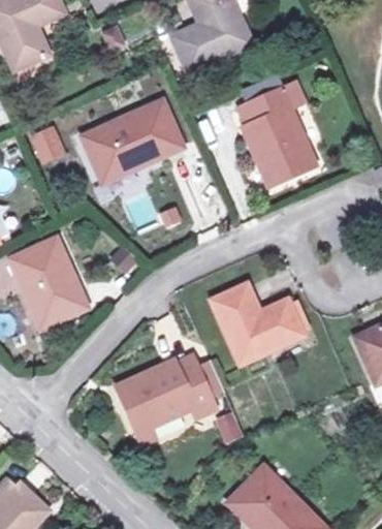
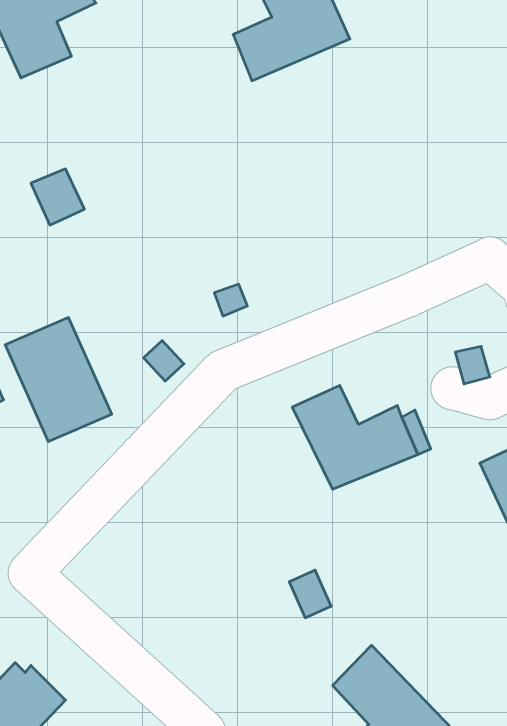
building: [246,86,313,180] -> none
building: [86,100,183,174] -> none
building: [117,356,213,432] -> none

